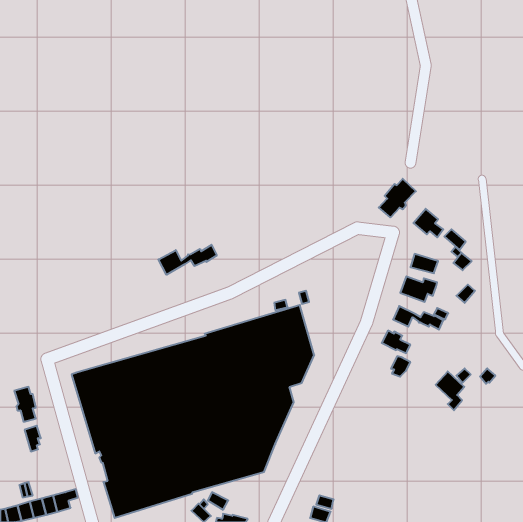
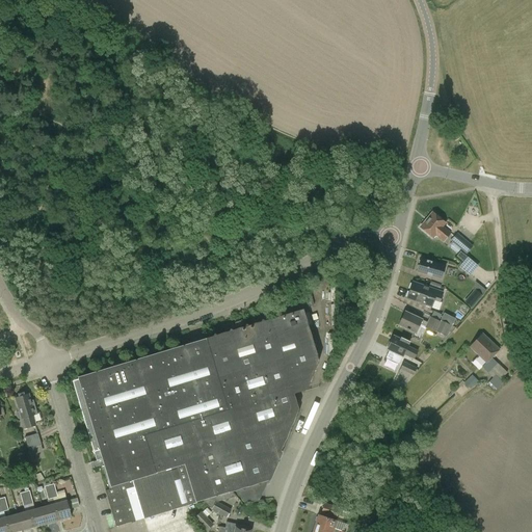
building: [379,179,416,217] -> none
building: [158,245,217,275] -> none
building: [436,371,464,410] -> [470,332,499,372]

